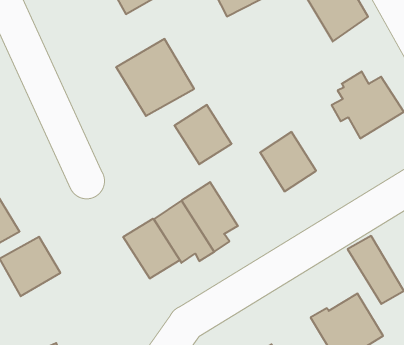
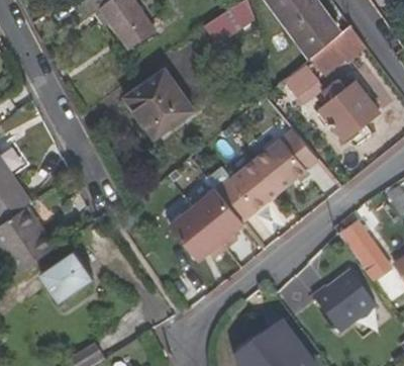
building: none -> [278,25,359,97]
building: [174,105,232,164] -> [230,159,281,210]
building: [123,219,180,279] -> none

